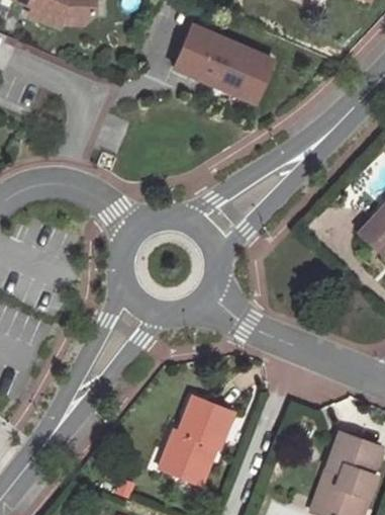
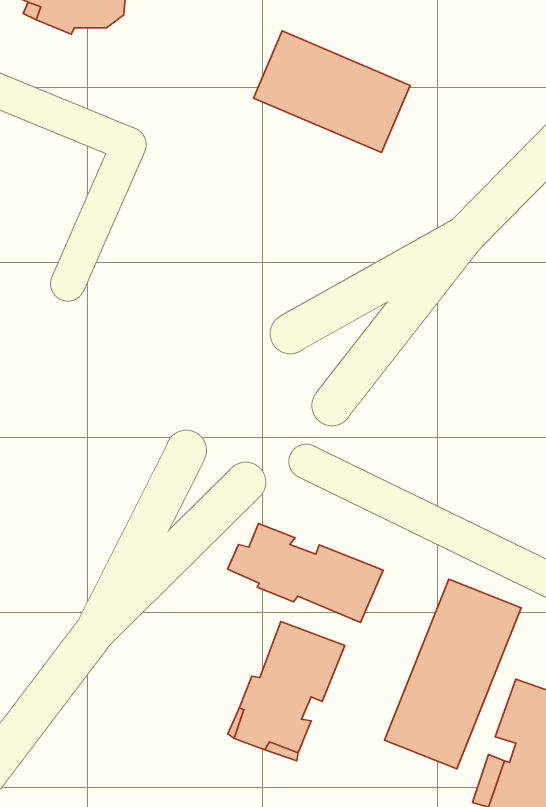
building: none -> [228,523,383,623]
building: none -> [384,579,521,769]

